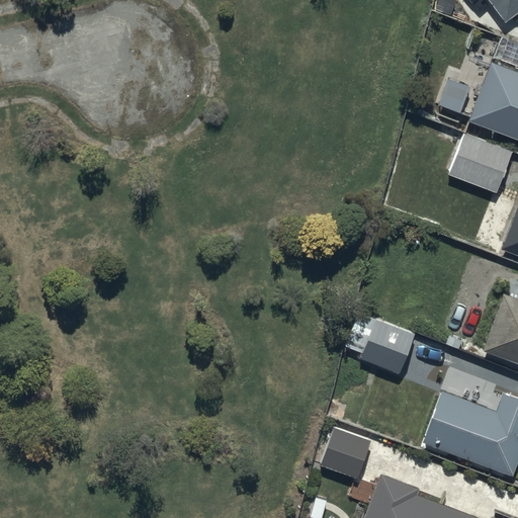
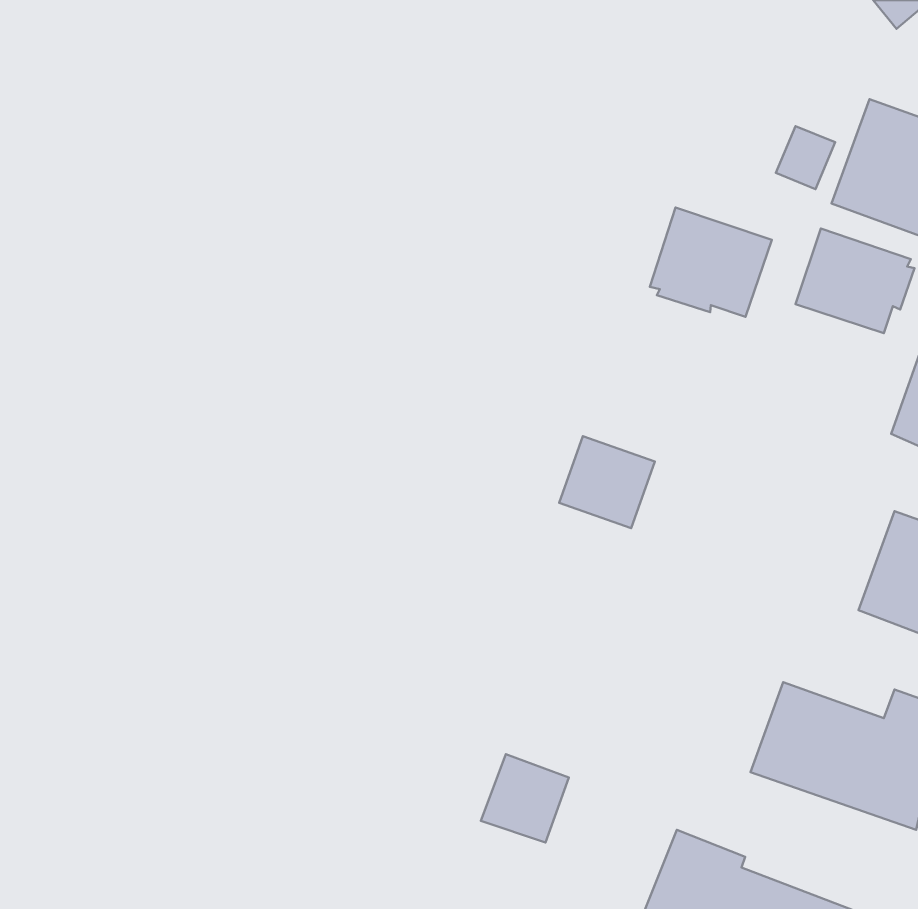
building: none -> [650,208,772,317]
building: [360,322,414,373] -> [559,436,655,528]
building: [320,429,369,479] -> [481,754,569,842]

